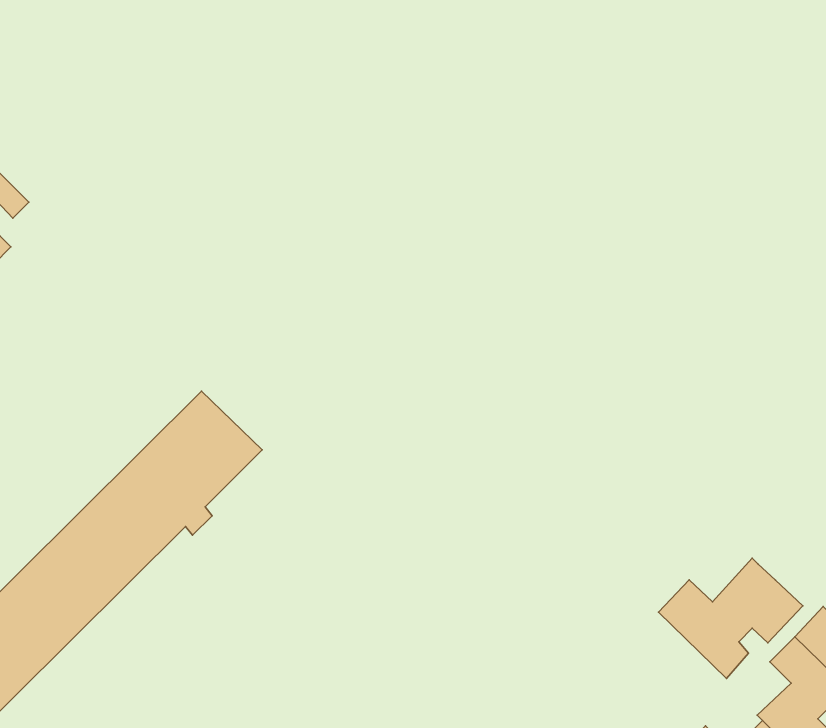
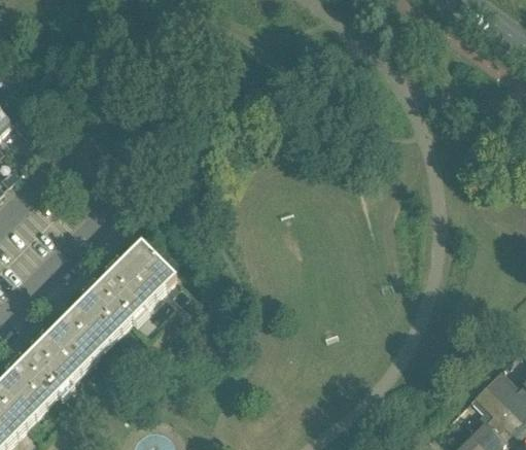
building: [659,558,803,678] -> none

